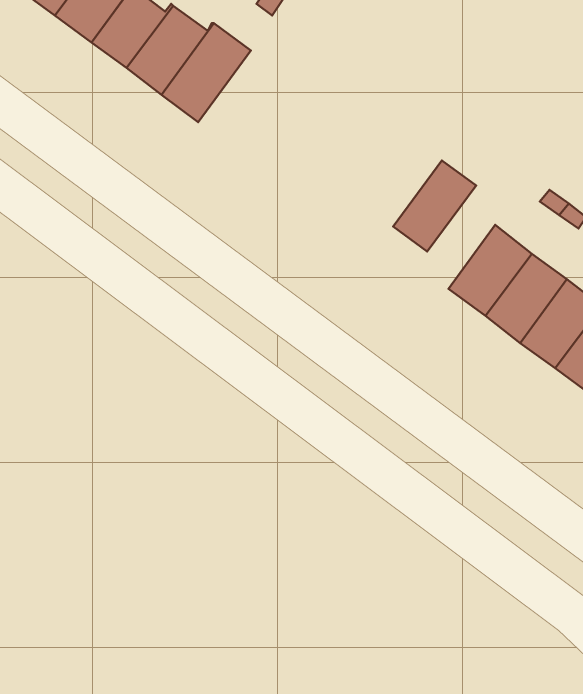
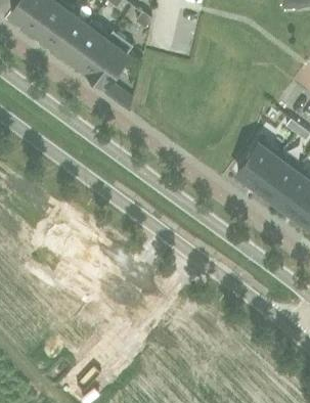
building: [393,160,476,252] -> none

